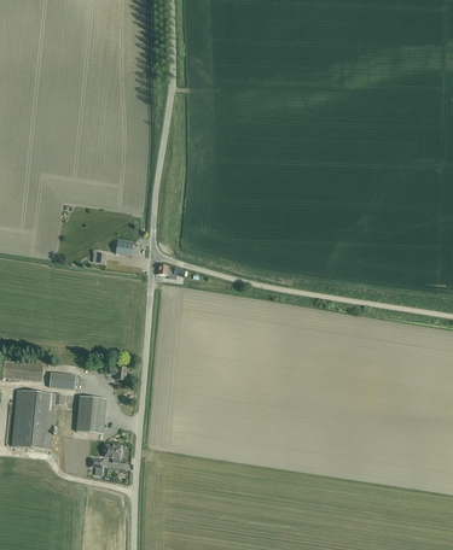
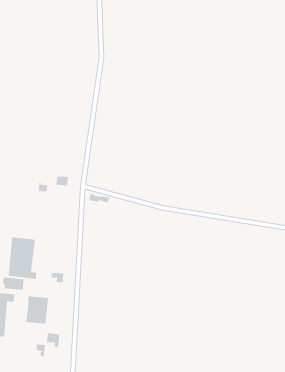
building: none -> [8,236,37,280]

